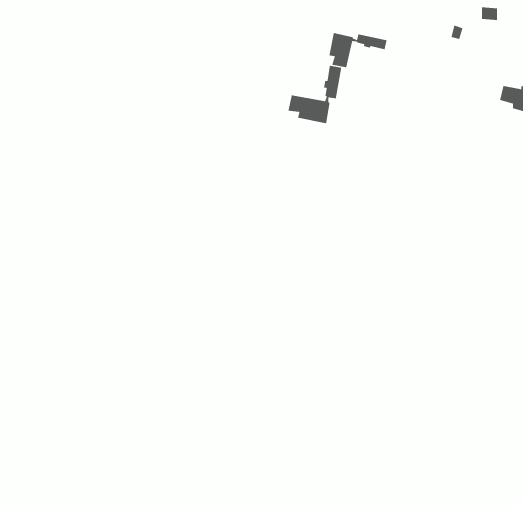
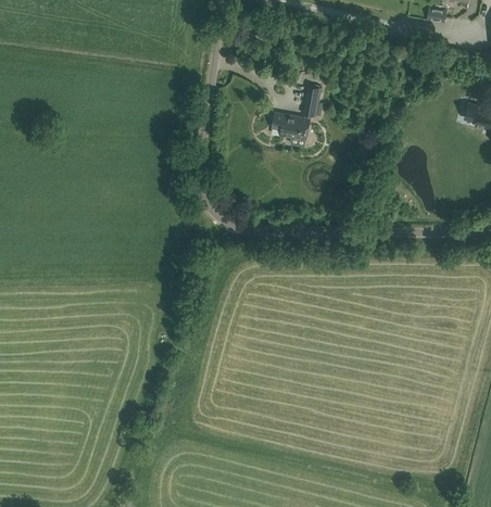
building: [328,32,387,68] -> none

